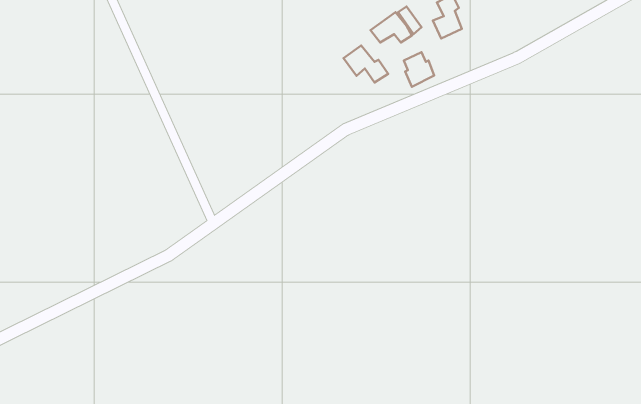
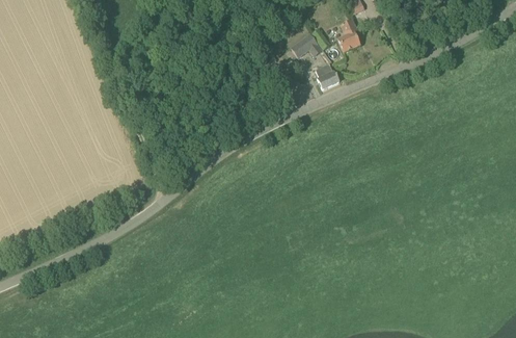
building: [344,46,388,82] -> none

